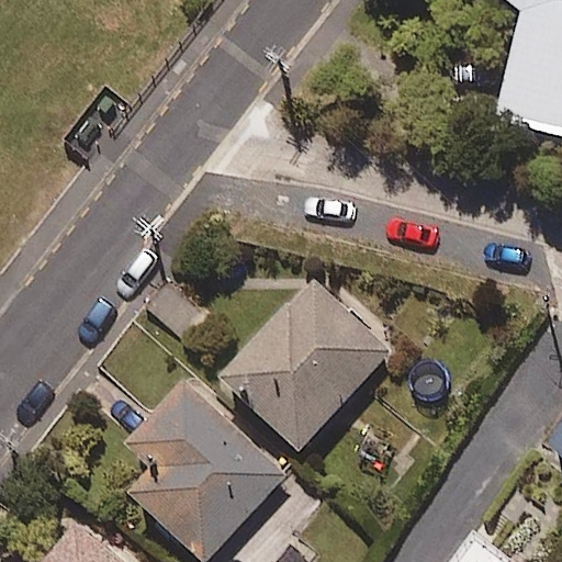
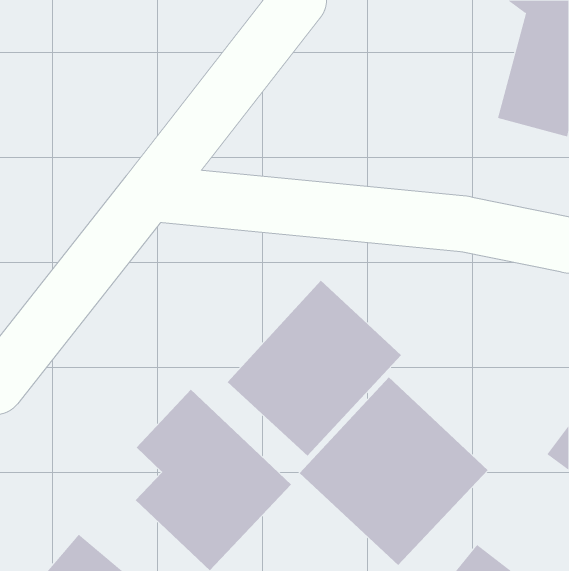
building: none -> [299,376,488,566]

